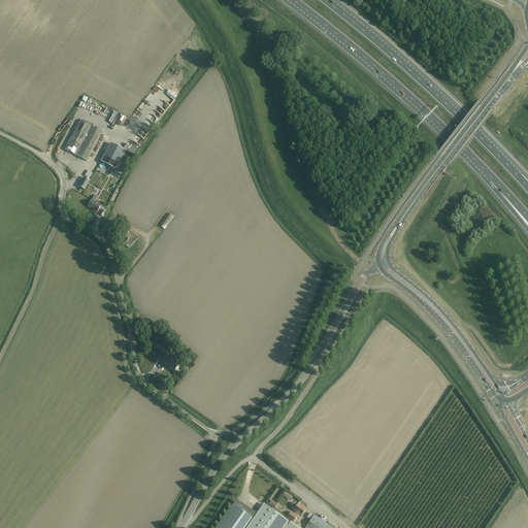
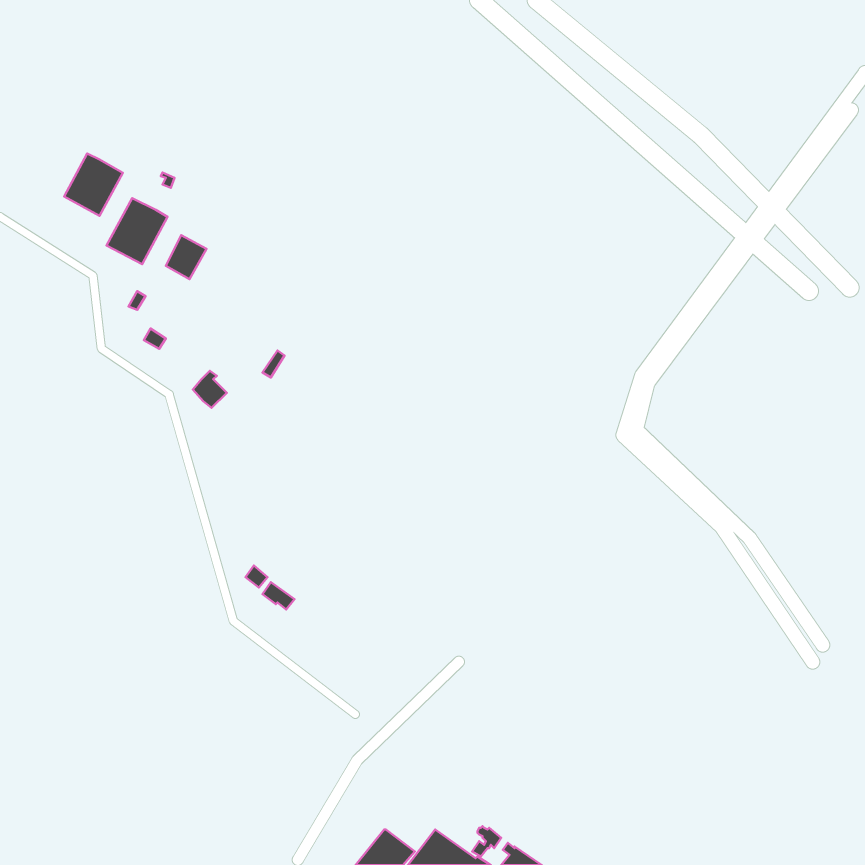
building: none -> [64,153,123,216]

